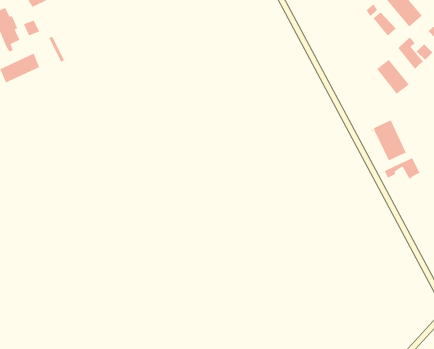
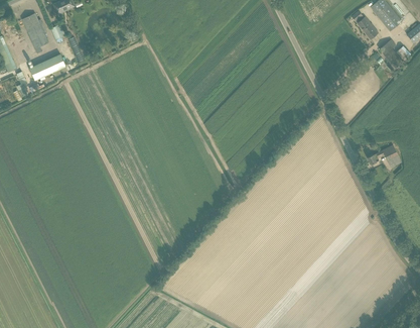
building: [376,59,411,95] -> none
building: [370,119,407,161] -> none

